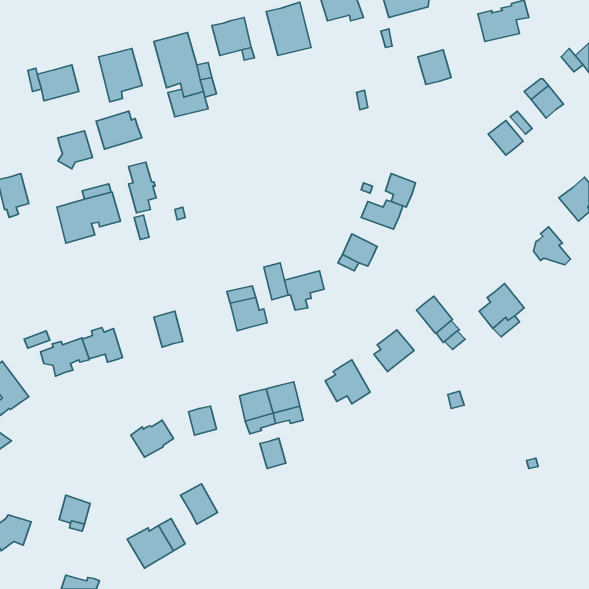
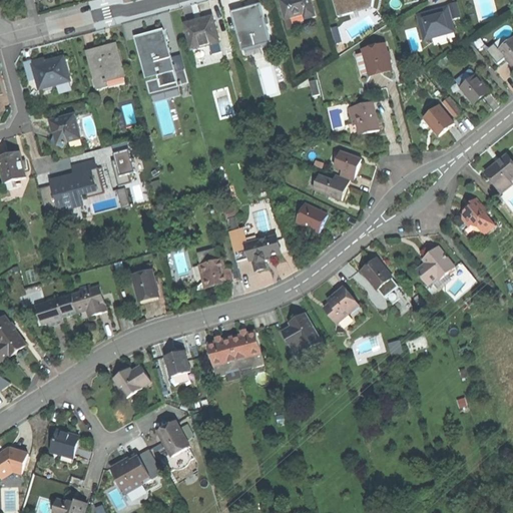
building: [96,111,142,149] -> none
building: none -> [349,101,379,133]
building: [260,438,286,468] -> none

